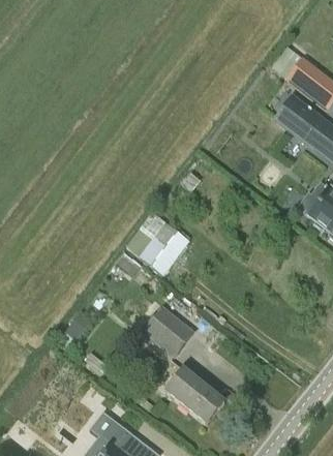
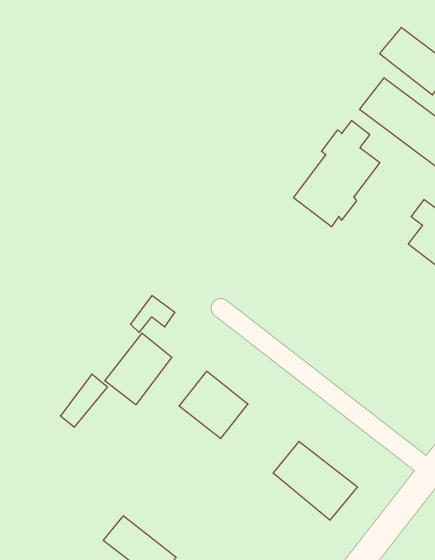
building: none -> [294,121,380,227]
building: [139,221,187,273] -> [105,333,172,405]
building: [163,367,224,424] -> [273,441,358,520]

